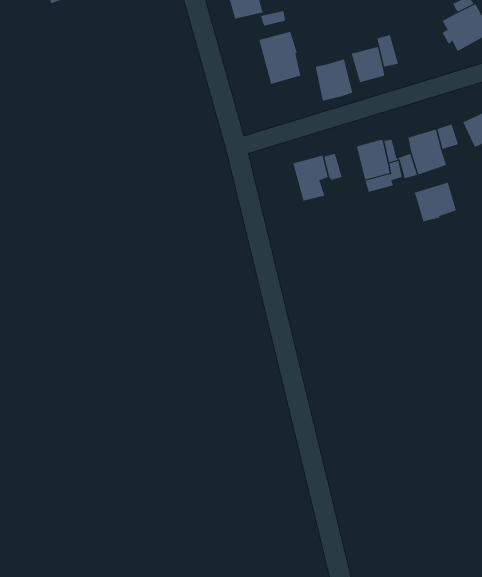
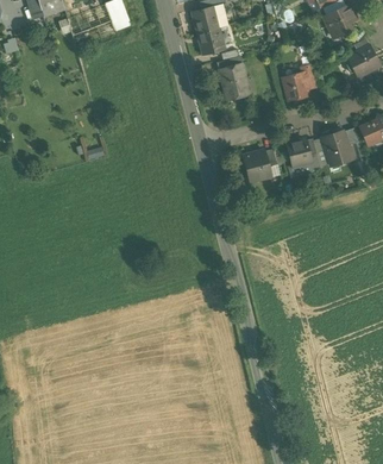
building: [315,58,353,102] -> none
building: [414,182,457,222] -> none

